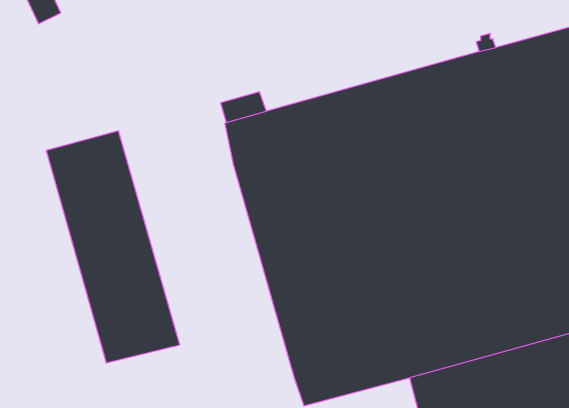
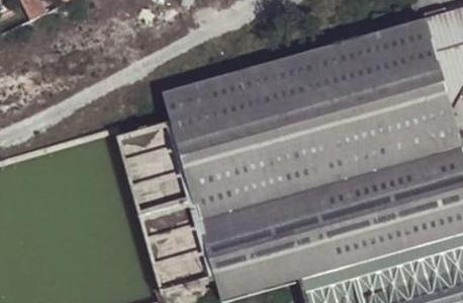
building: [46,131,180,363] -> [118,122,215,291]

